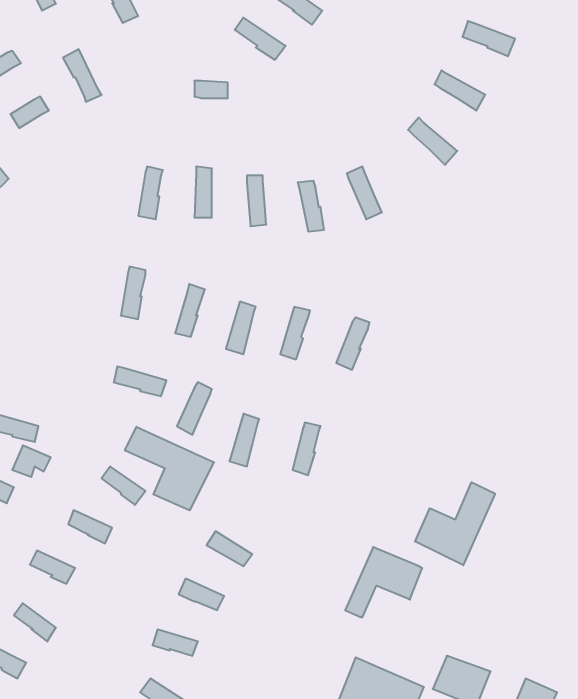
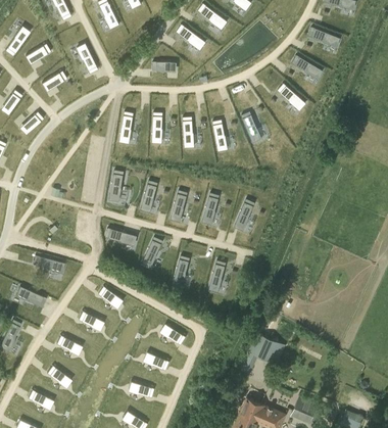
building: [125,427,214,510] -> none
building: [415,482,495,565] -> none

